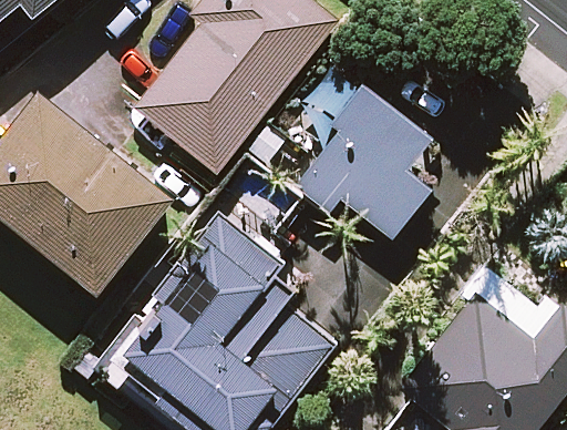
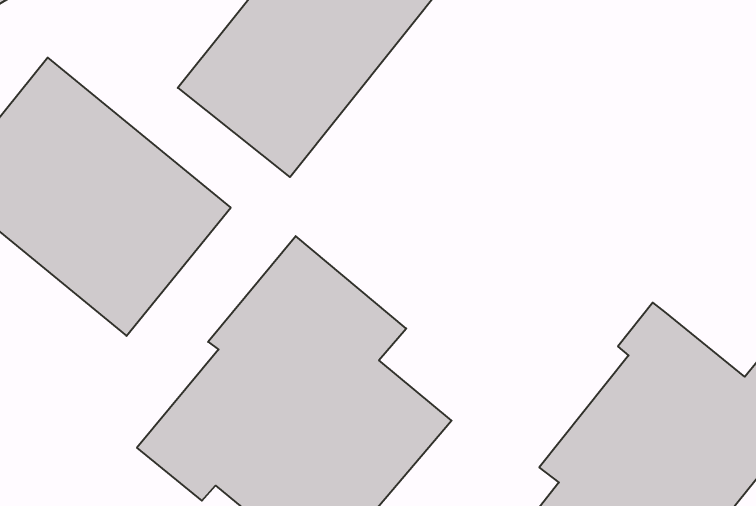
building: [285,62,431,238] -> none

